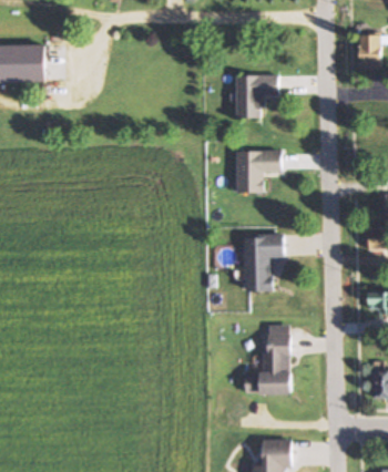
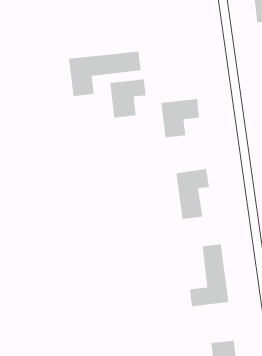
building: [236,75,278,117] -> [109,79,147,118]
building: none -> [69,51,141,97]

